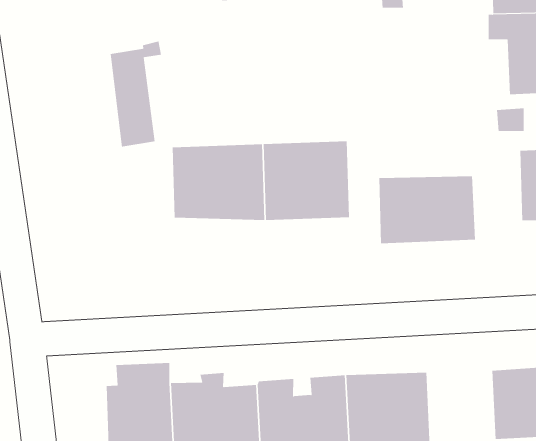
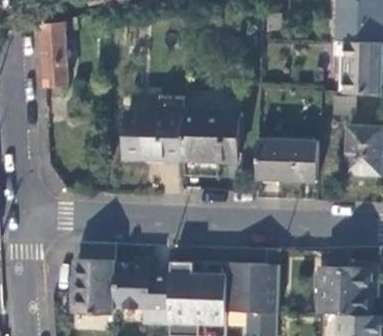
building: [110,41,162,147] -> [40,19,73,86]

